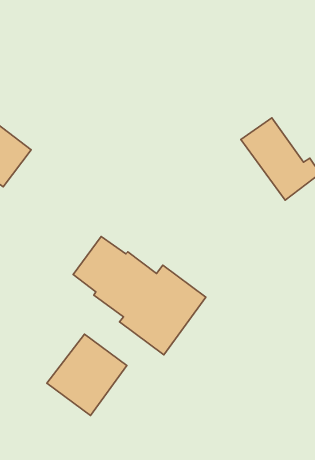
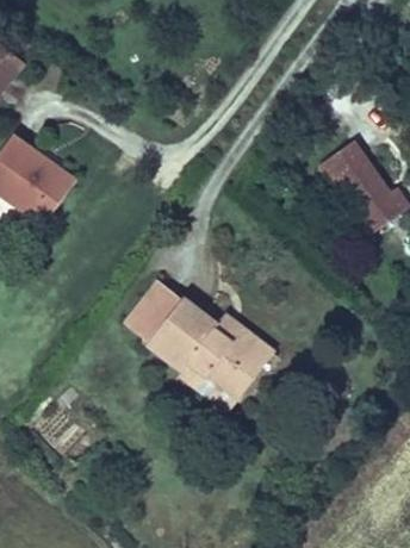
building: [47,334,127,415] -> none

